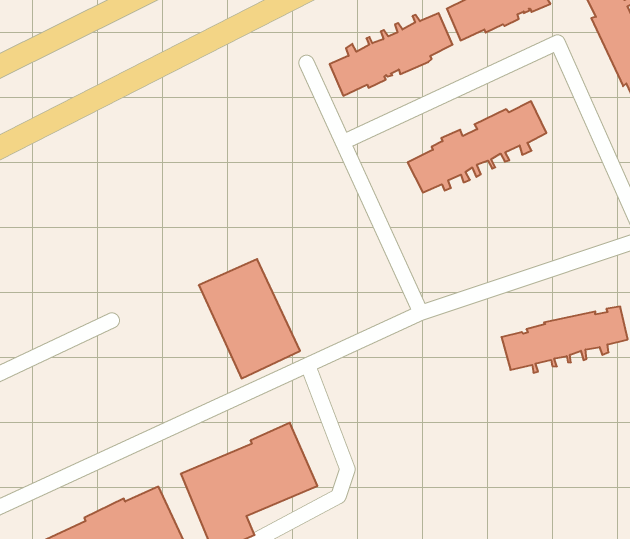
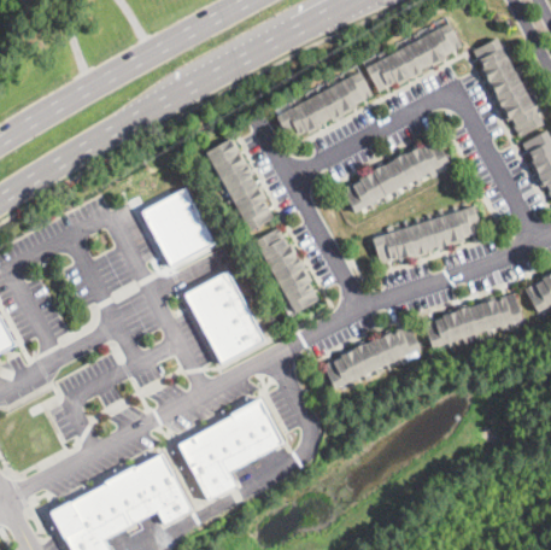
building: none -> [205,135,275,232]
building: none -> [141,187,213,265]
building: none -> [371,205,481,265]
building: none -> [254,227,320,312]
building: none -> [323,324,420,388]

